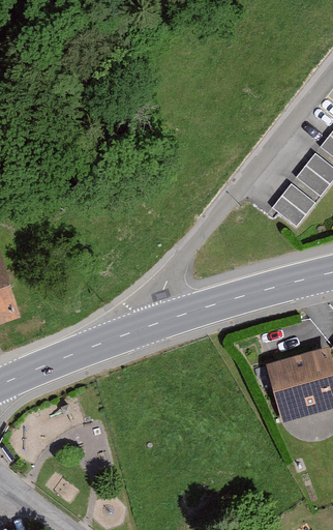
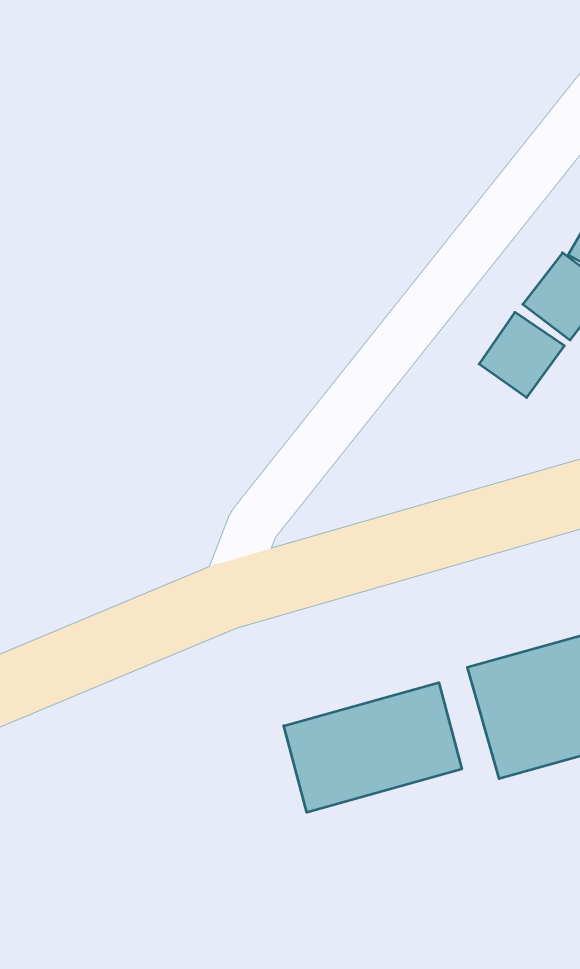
building: none -> [284,683,462,812]

